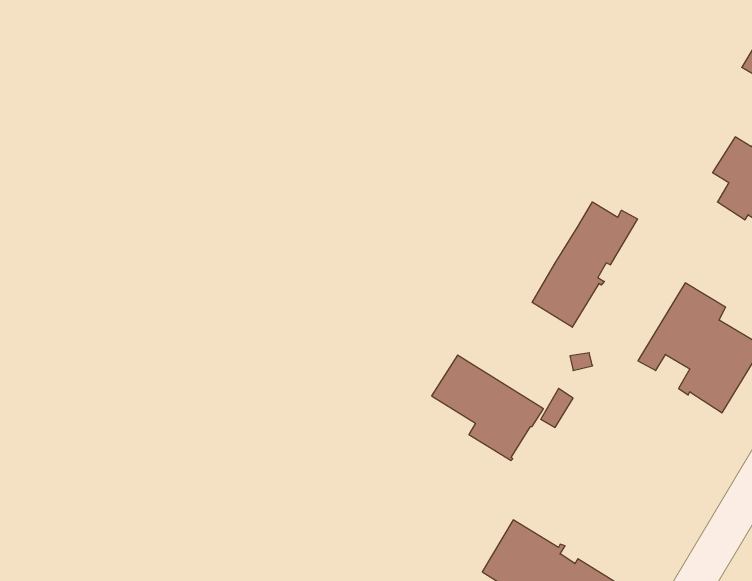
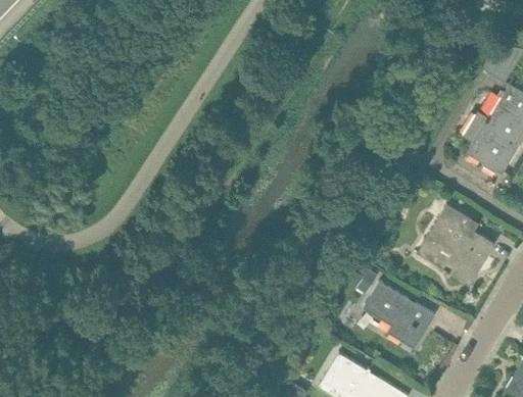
building: [532,202,638,327] -> none
building: [432,355,543,461] -> [364,283,434,349]

